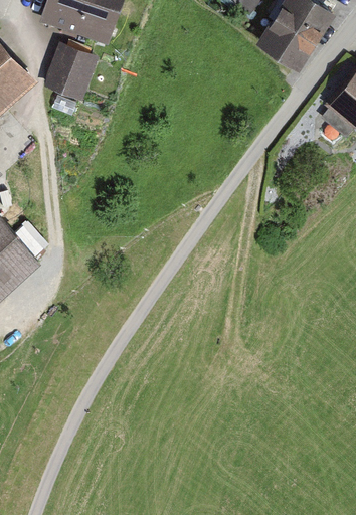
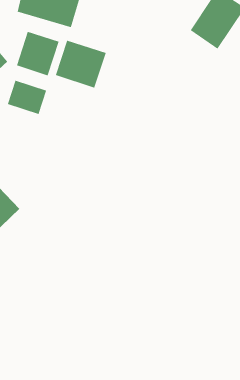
building: none -> [55,40,106,88]
building: none -> [7,80,47,115]

